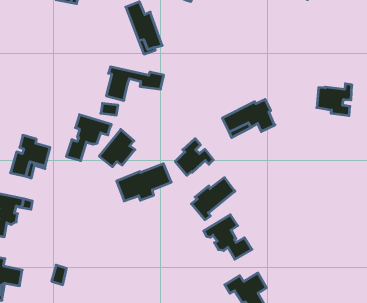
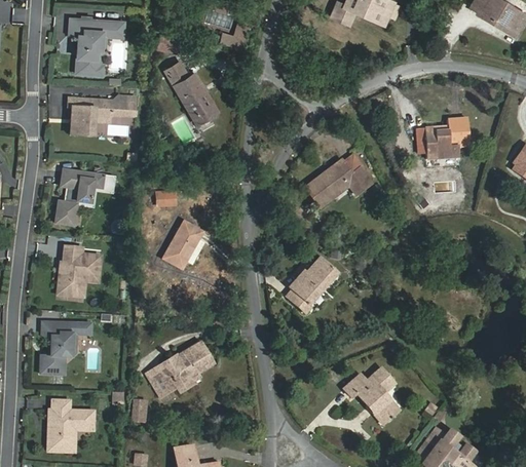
building: [106,67,164,100] -> [69,99,137,139]
building: [66,115,111,161] -> [57,170,105,226]
building: [175,139,213,175] -> none
building: [117,164,171,201] -> [147,342,214,395]
building: [204,215,252,259] -> none

